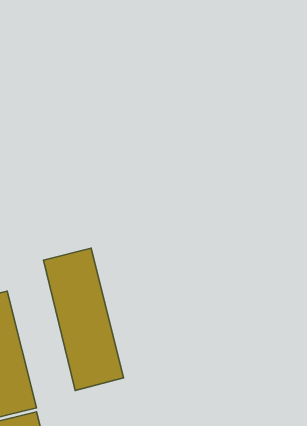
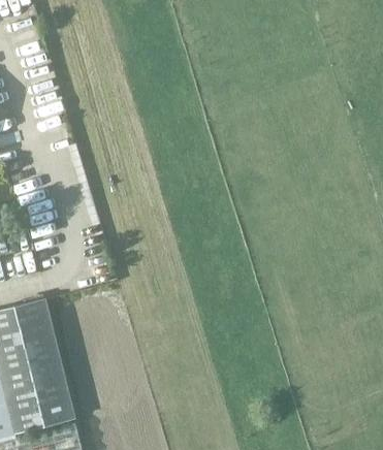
building: [43,248,123,391] -> none

